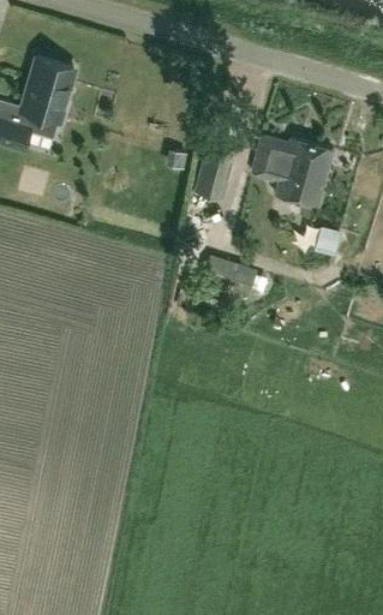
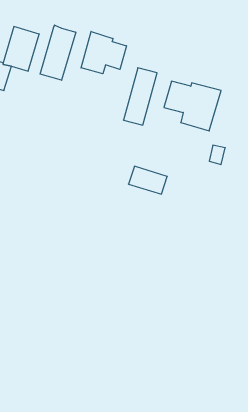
building: none -> [40,25,76,80]
building: none -> [81,31,126,74]

